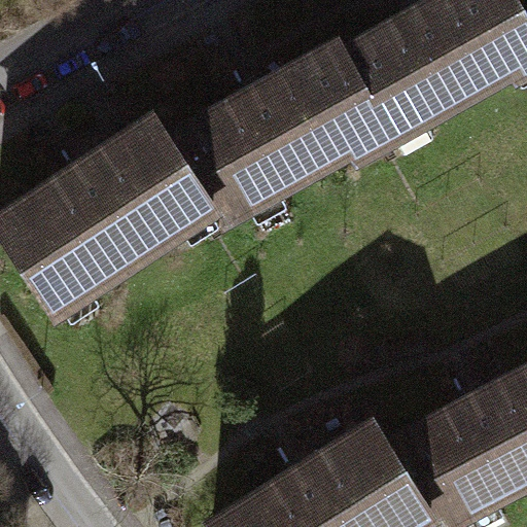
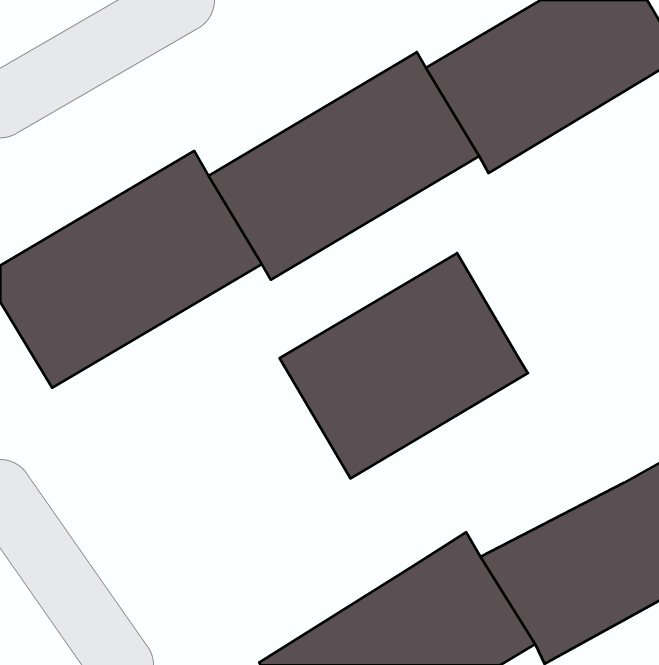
building: none -> [280,253,528,478]

